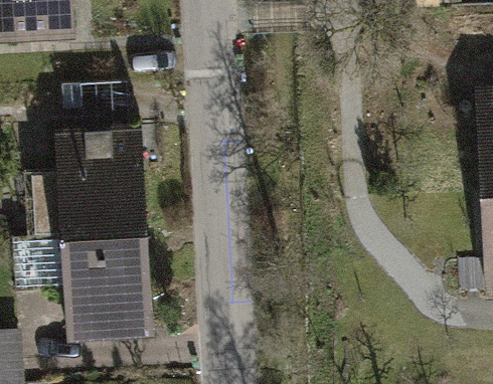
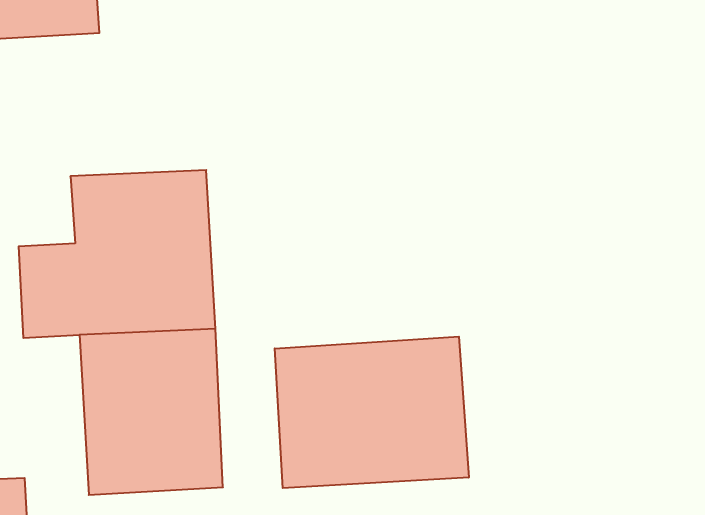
building: none -> [275,337,469,488]

